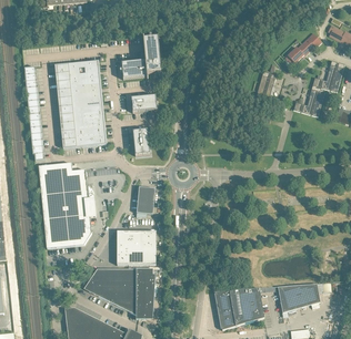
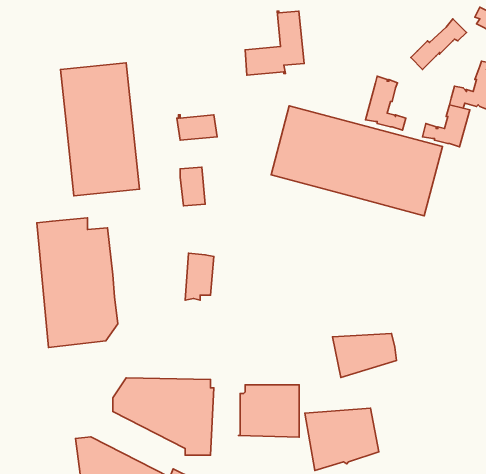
building: [121,37,160,79] -> [245,11,304,75]
building: none -> [271,106,442,216]
building: [116,230,156,265] -> [238,385,299,437]
building: [277,284,319,312] -> [333,334,397,377]

